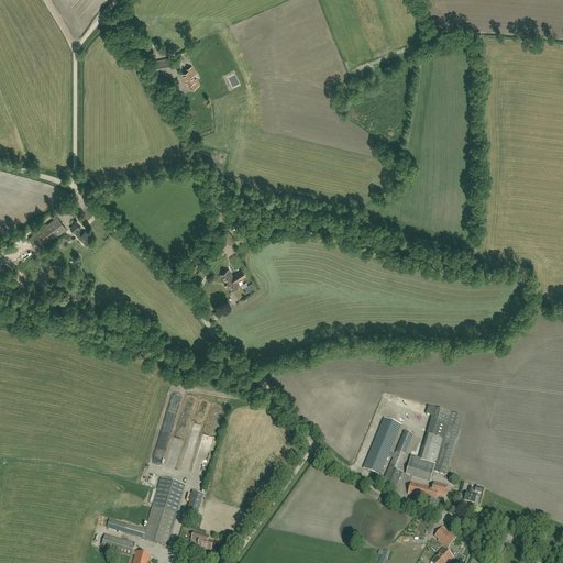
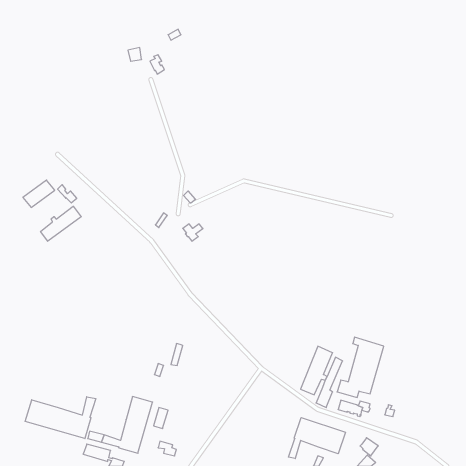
building: none -> [41,206,81,241]
building: none -> [25,397,96,439]
building: none -> [288,418,346,459]

